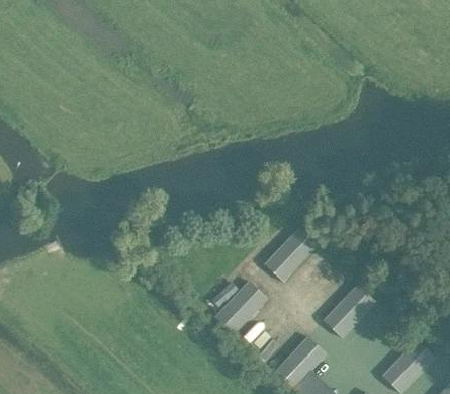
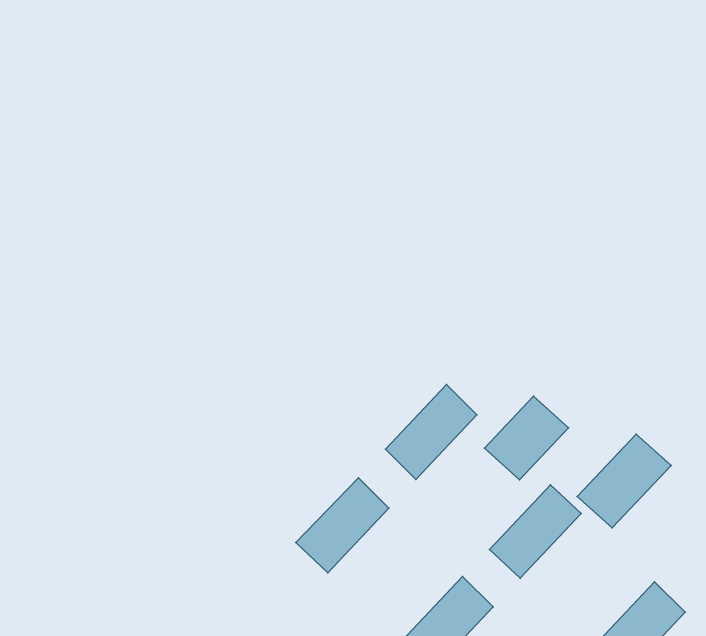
building: none -> [484,396,569,480]
building: none -> [577,434,671,528]

